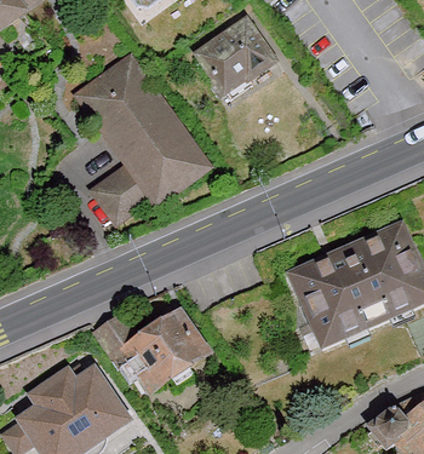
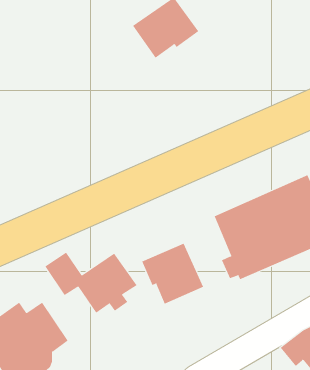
building: [78,56,208,222] -> none
building: none -> [142,243,204,304]

